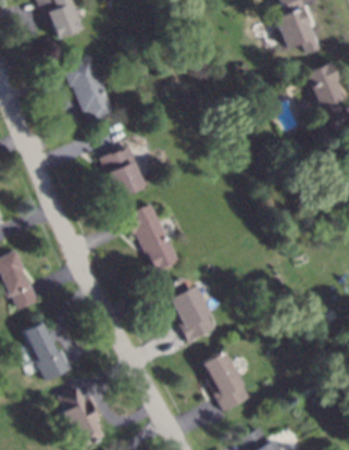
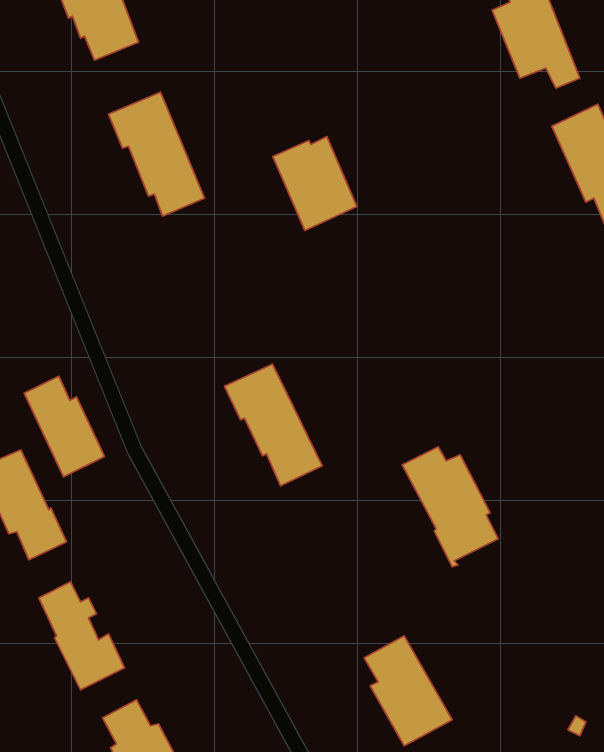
building: [101,148,147,199] -> [273,137,357,231]
building: none -> [24,376,105,477]
building: [164,278,216,343] -> [402,447,498,567]

